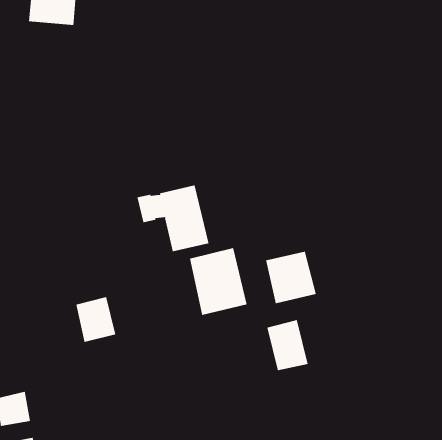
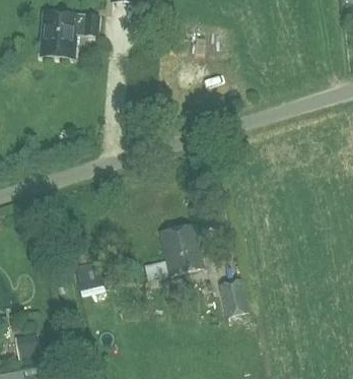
building: [137,184,209,252] -> none
building: [265,251,317,304] -> none

